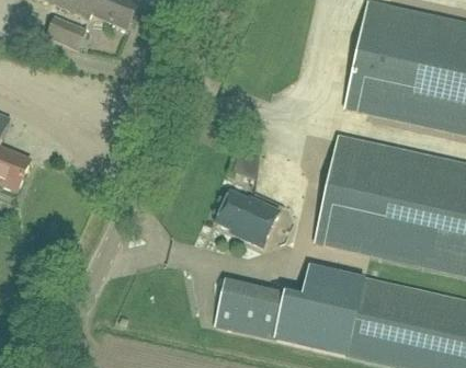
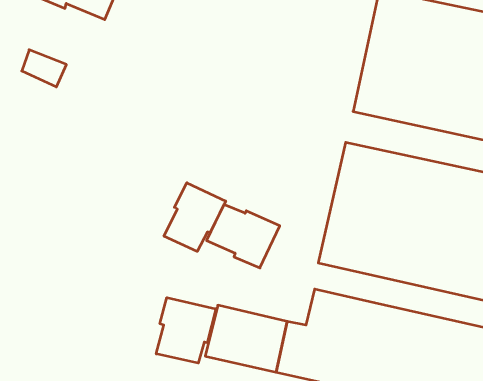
building: [46,14,86,47] -> [22,50,66,87]
building: none -> [164,183,226,251]
building: none -> [156,298,216,363]

